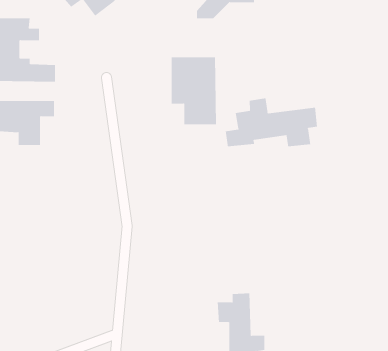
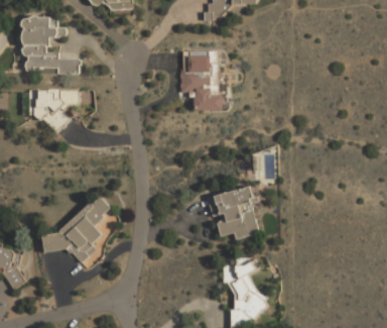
building: [225,98,317,147] -> none
building: none -> [207,186,257,239]
building: none -> [42,194,112,262]

